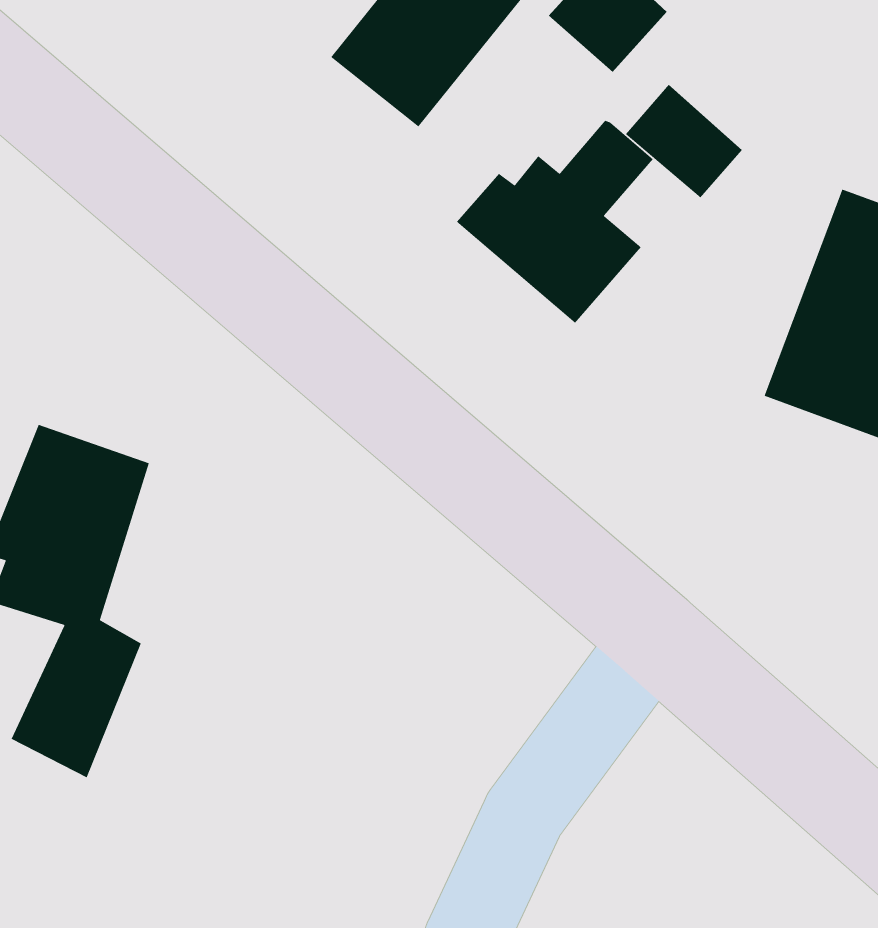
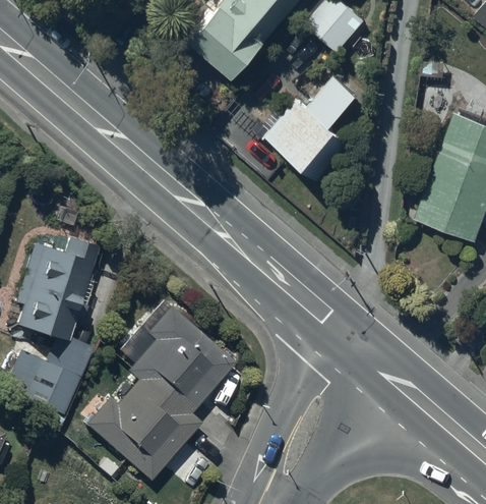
building: [625,84,743,199] -> none
building: none -> [82,309,233,481]

